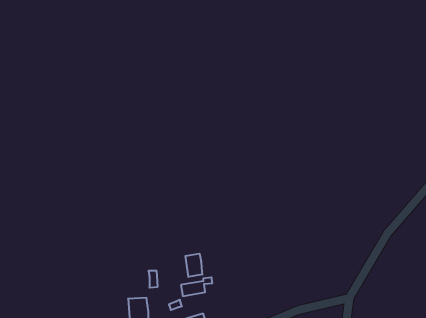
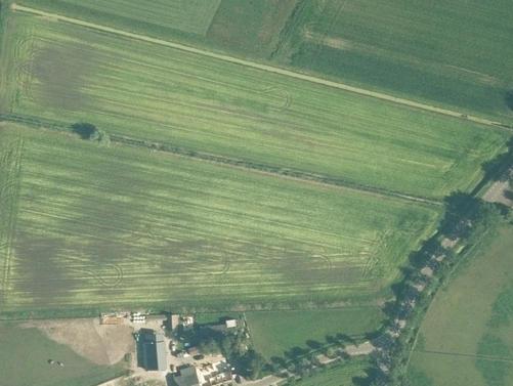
building: [185,254,202,277] -> none

